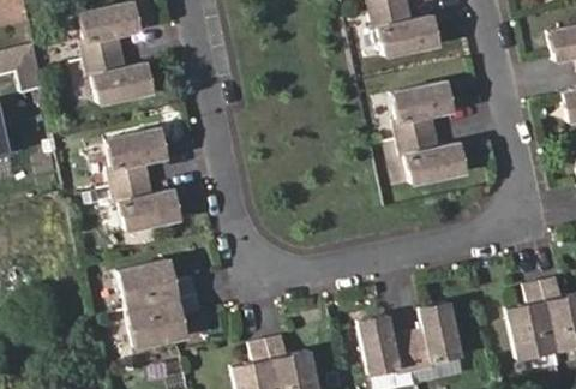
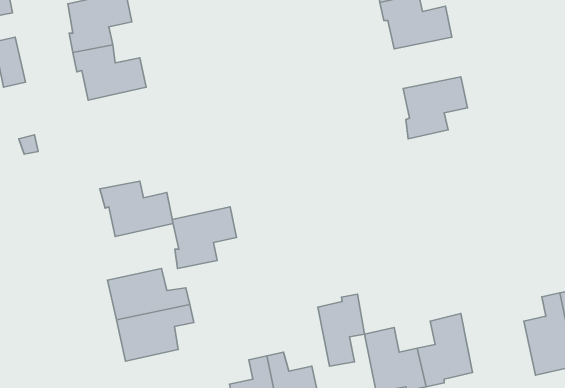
building: [106,128,166,186] -> [172,207,237,268]
building: [398,131,467,184] -> none
building: none -> [318,294,365,366]

